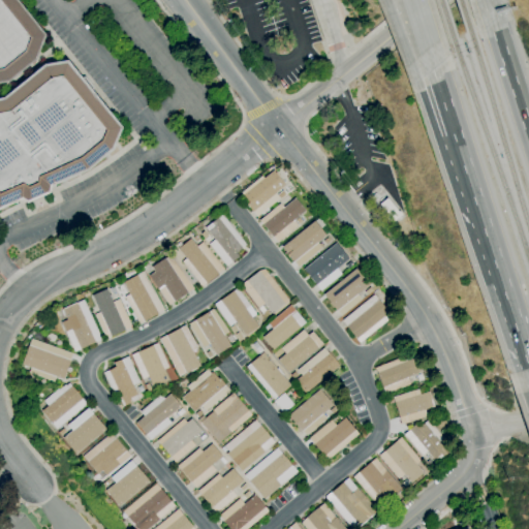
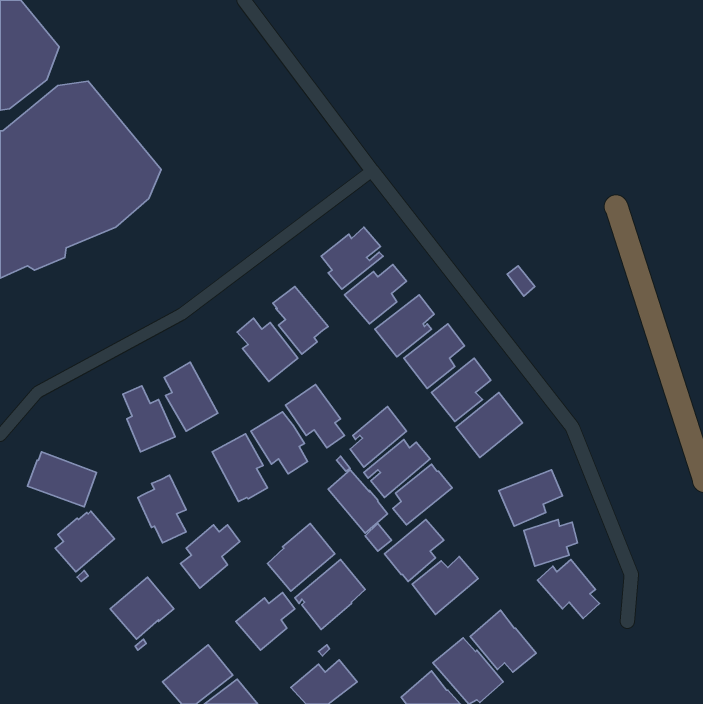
building: [150,255,194,305] -> none
building: [242,269,289,314] -> none
building: [62,300,102,352] -> none
building: [132,343,169,387] -> none
building: [183,370,230,412] -> none
building: [63,408,106,455] -> none
building: [158,418,203,463] -> none
building: [379,438,425,484] -> none
building: [245,447,298,499] -> none
building: [106,461,150,507] -> none
building: [198,469,244,514] -> none

